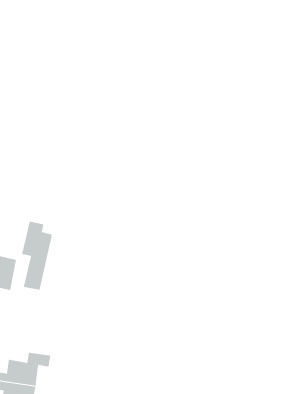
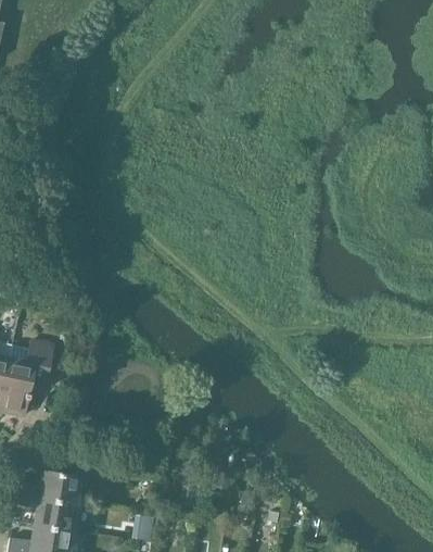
building: [22,221,52,291] -> none

